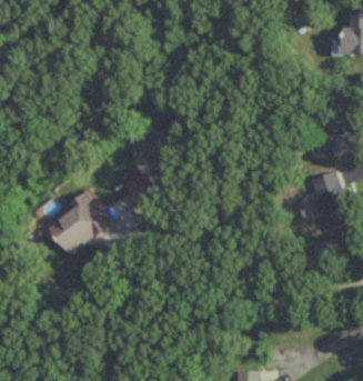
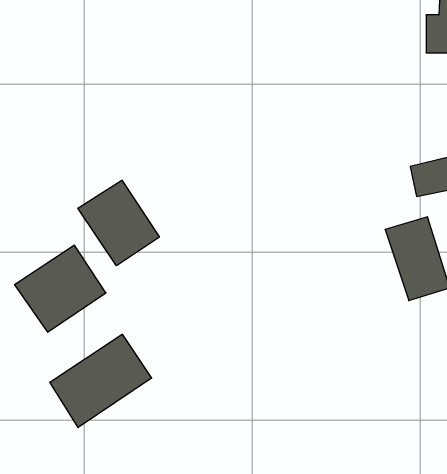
building: none -> [78,180,159,266]
building: none -> [50,334,152,428]

